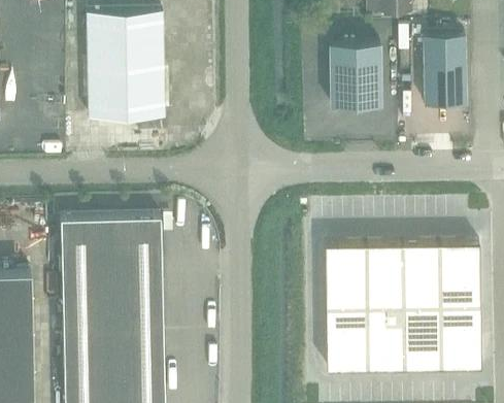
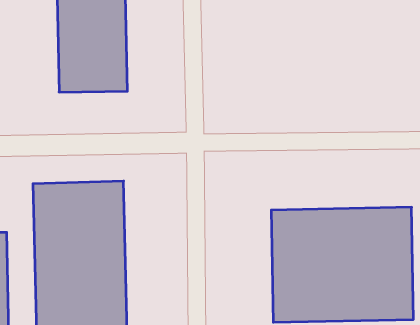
building: [424,37,467,108] -> none
building: [331,46,381,109] -> none

